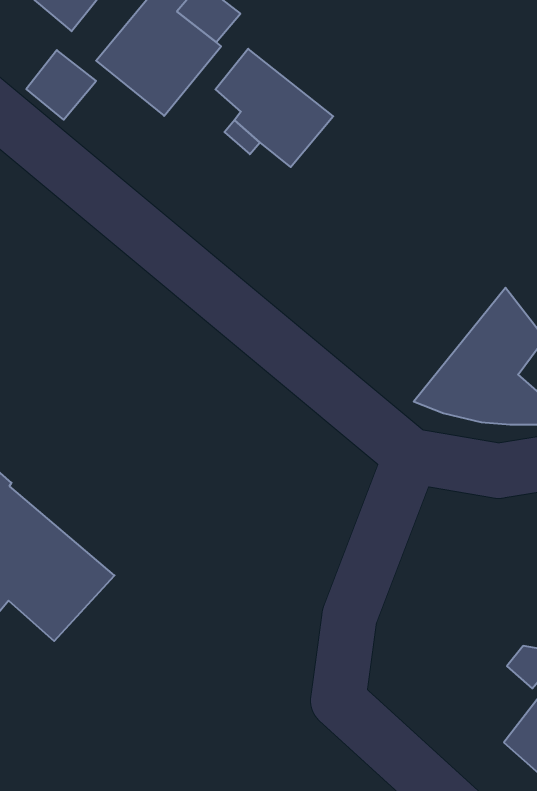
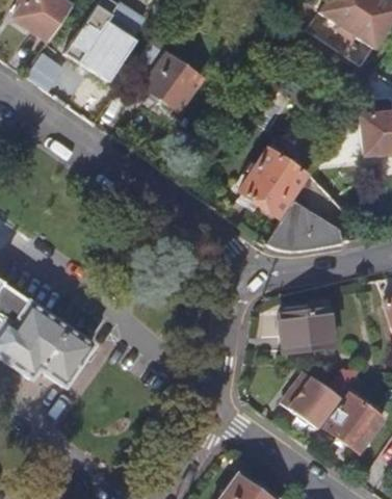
building: none -> [236,145,303,213]
building: none -> [277,309,332,356]
building: none -> [283,372,341,429]

